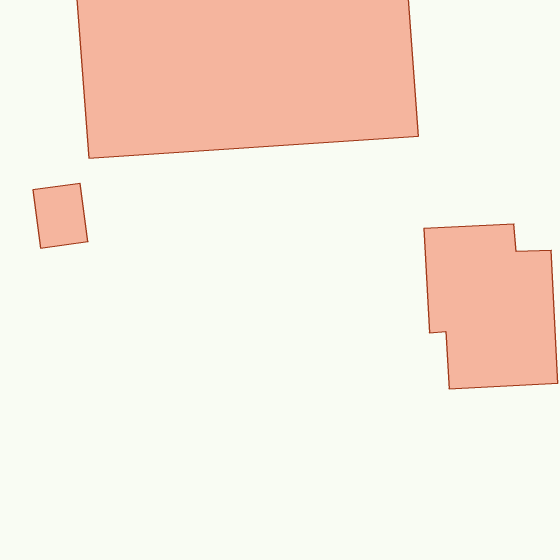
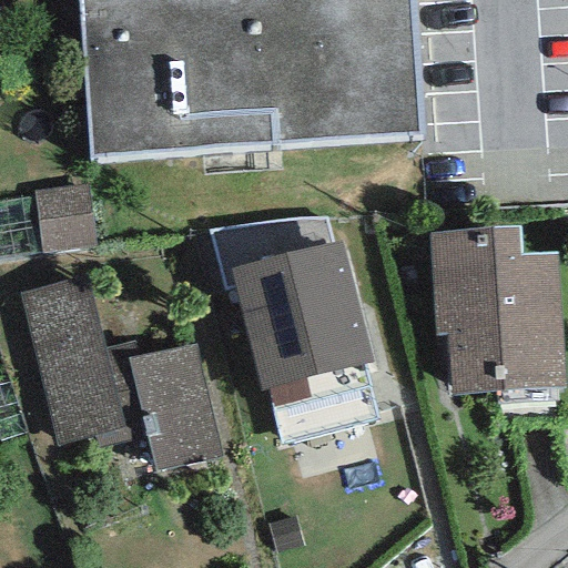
building: none -> [211,216,376,442]
building: none -> [21,273,222,466]

